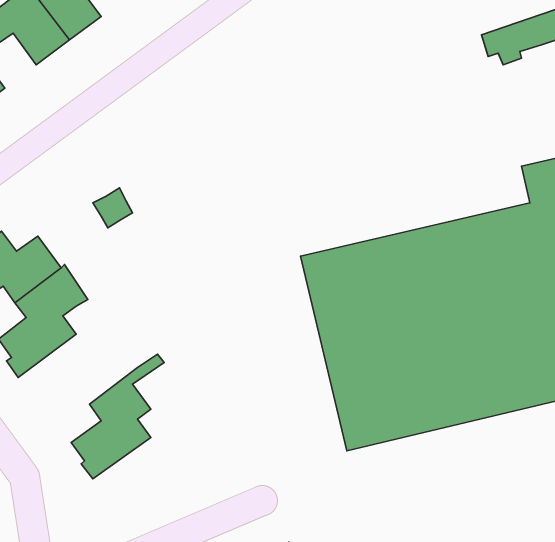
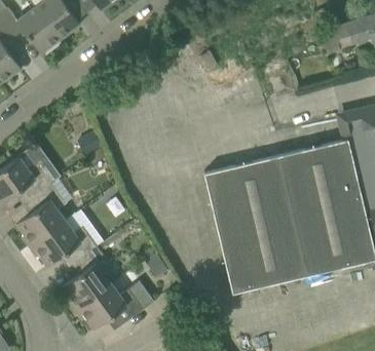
building: none -> [29,208,103,266]
building: none -> [75,283,143,328]

